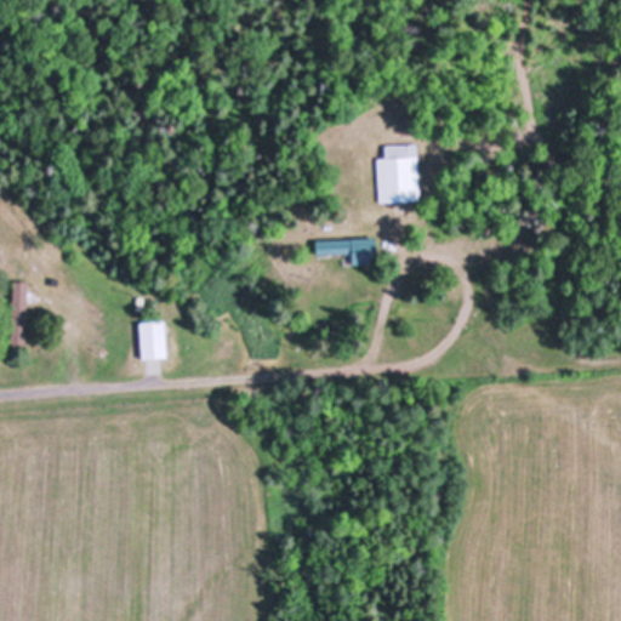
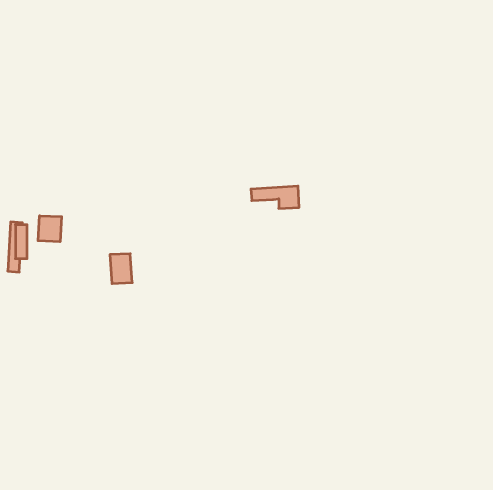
building: [376,146,418,203] -> none
building: none -> [38,216,62,242]

